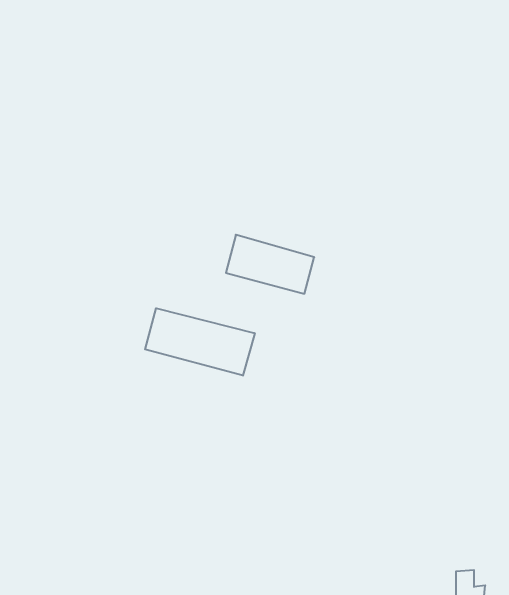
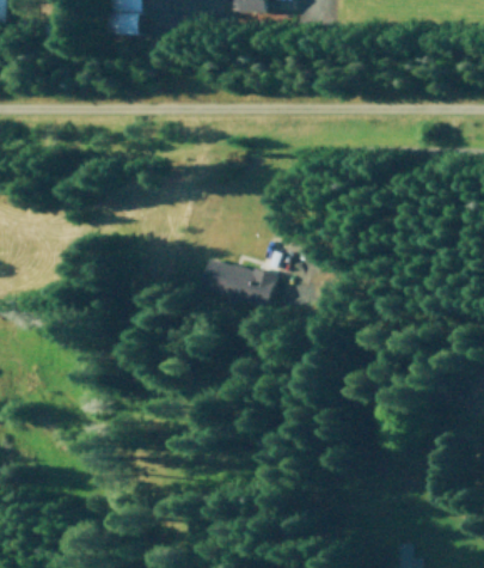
building: [145,308,255,376] -> none

